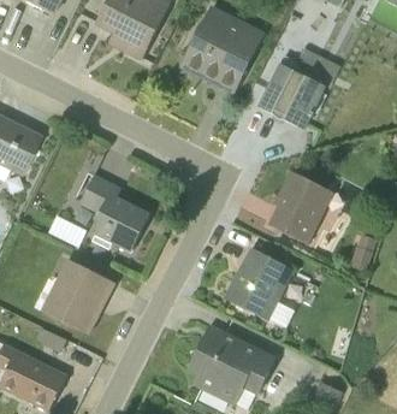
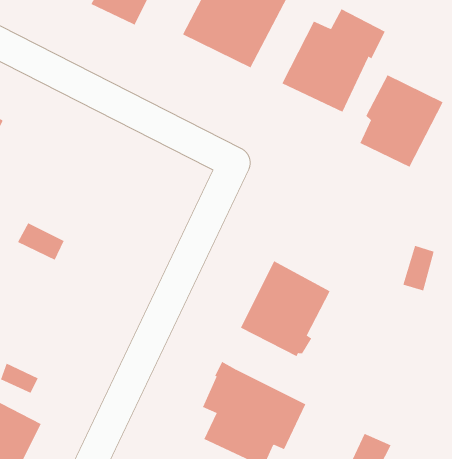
building: [267,170,333,243] -> [360,75,444,168]
building: [78,173,149,252] -> none
building: [40,258,115,333] -> none

